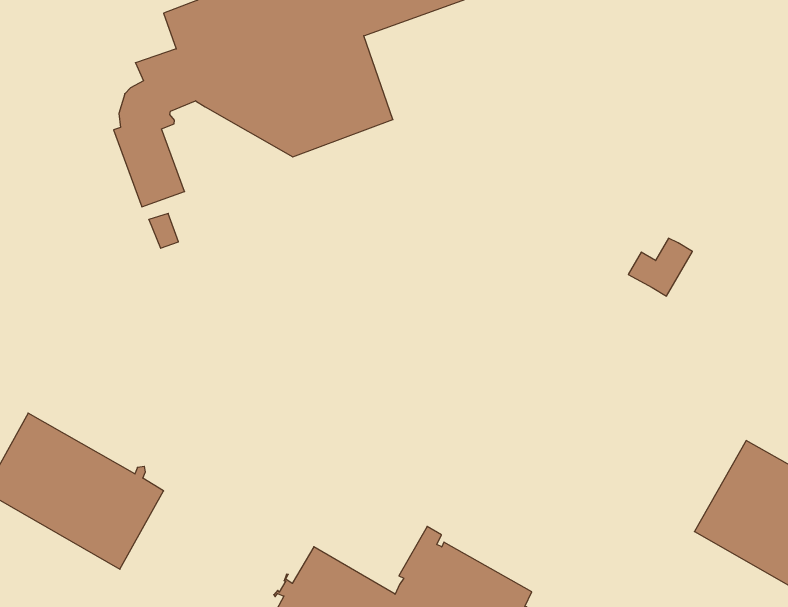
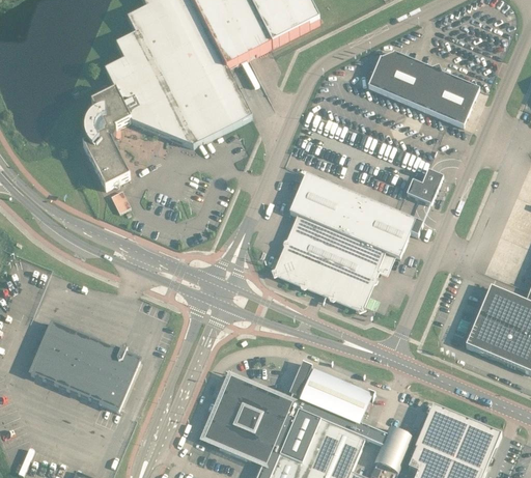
building: none -> [366,52,478,126]
building: none -> [275,174,421,308]

